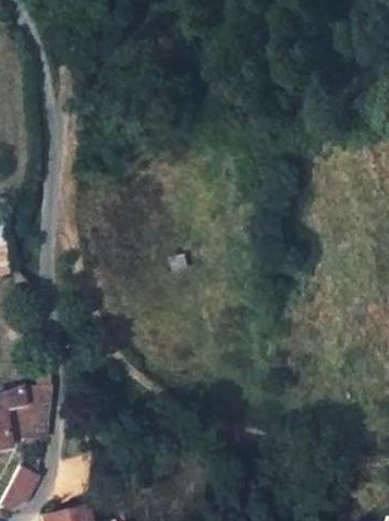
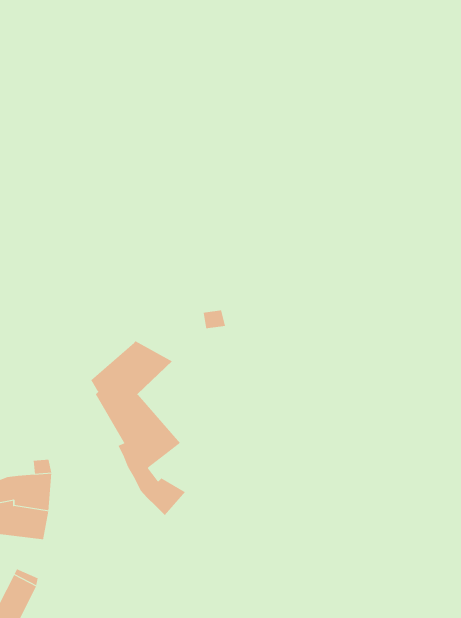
building: none -> [90,340,186,516]

